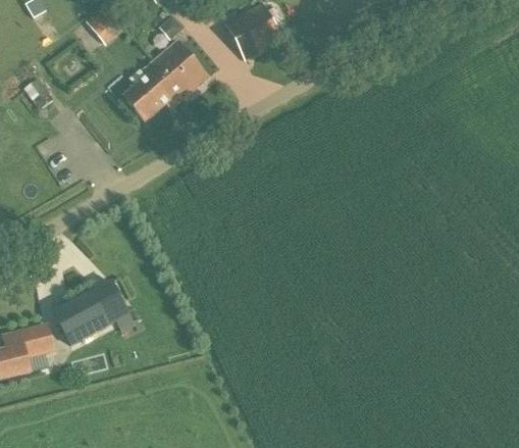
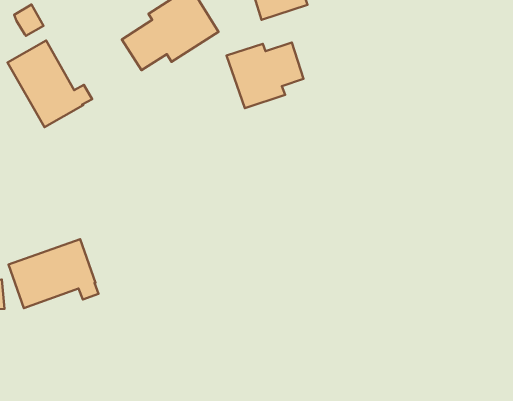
building: none -> [227,43,304,108]
building: none -> [8,41,92,127]

